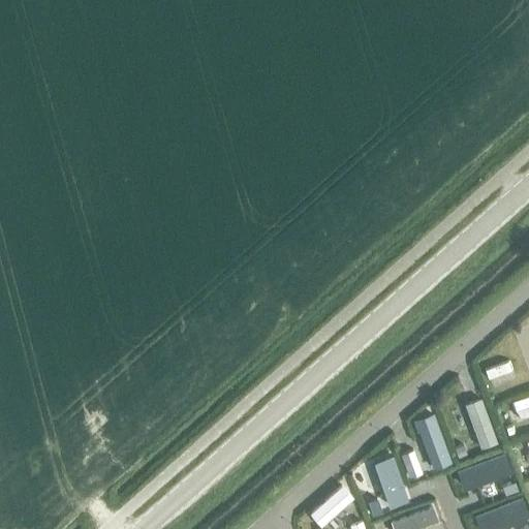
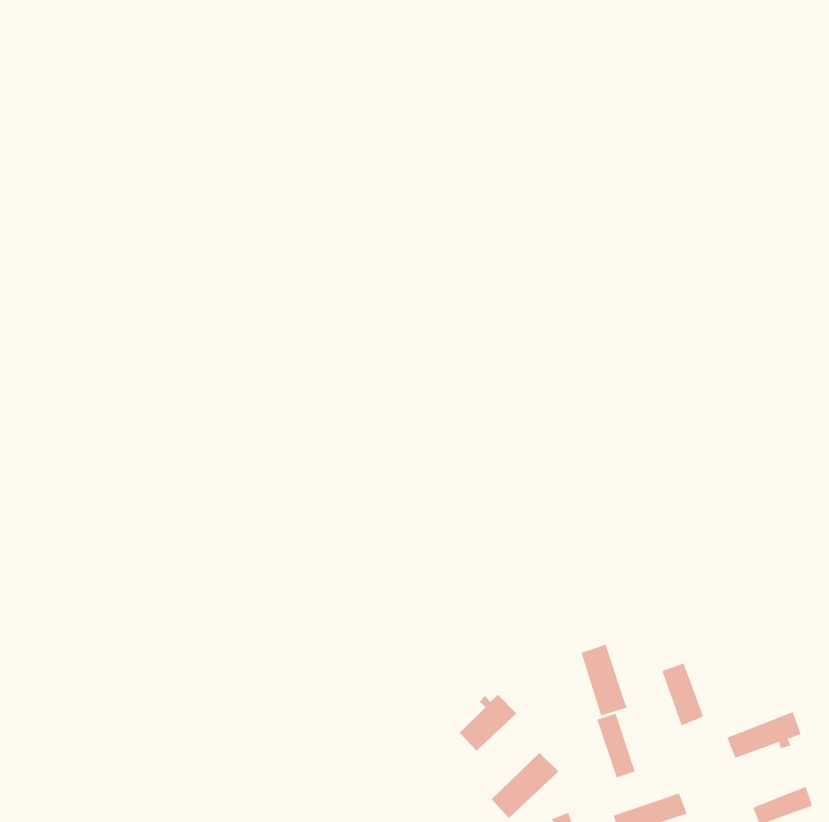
building: [465,402,497,452] -> none
building: none -> [581,644,627,716]
building: none -> [459,694,517,752]

